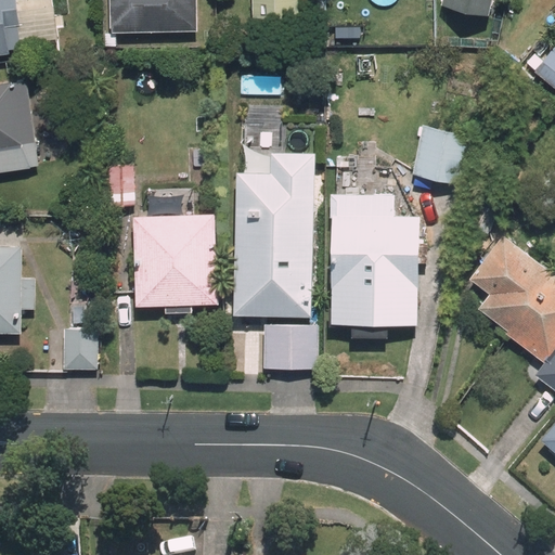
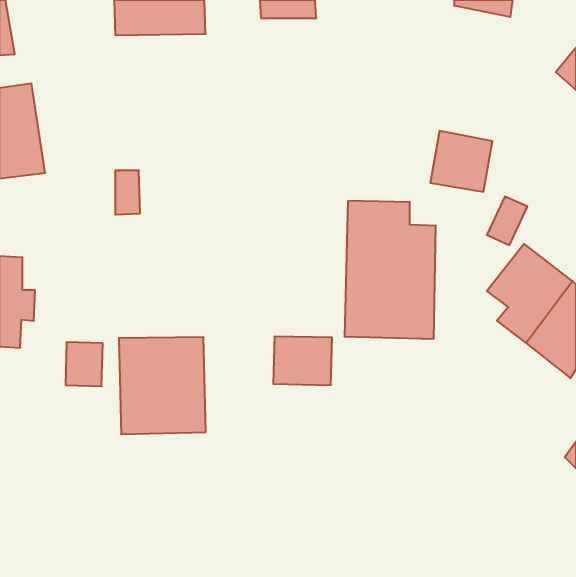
building: [233,154,313,317] -> none
building: [134,216,218,309] -> [119,337,206,434]

